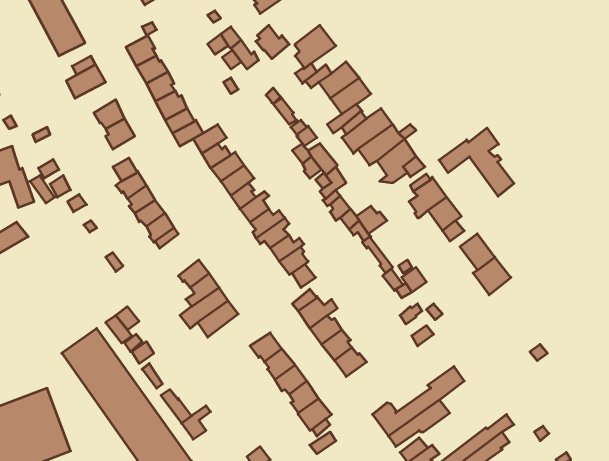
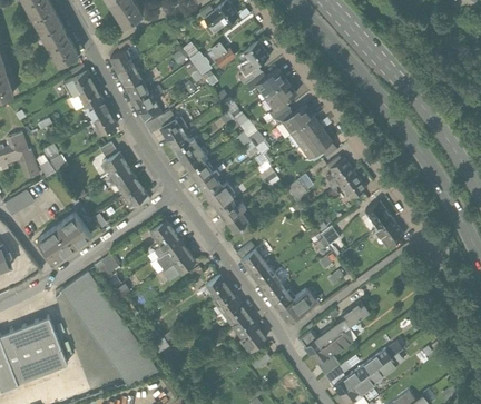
building: none -> [69,85,101,112]
building: [439,128,514,196] -> none
building: none -> [37,215,90,264]
building: none -> [277,289,314,322]

